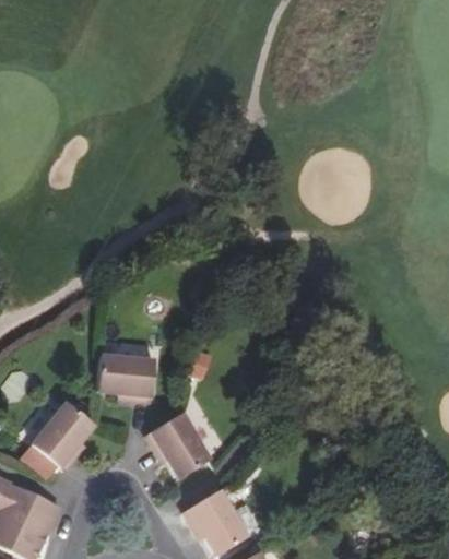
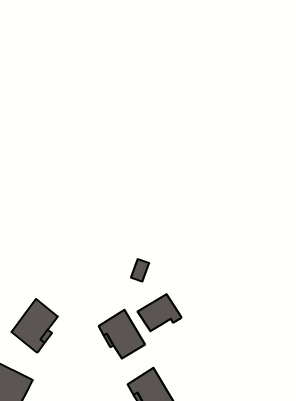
building: [97,353,154,400] -> none
building: none -> [138,294,181,331]

